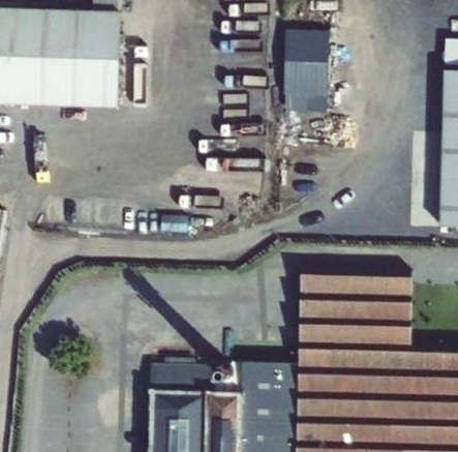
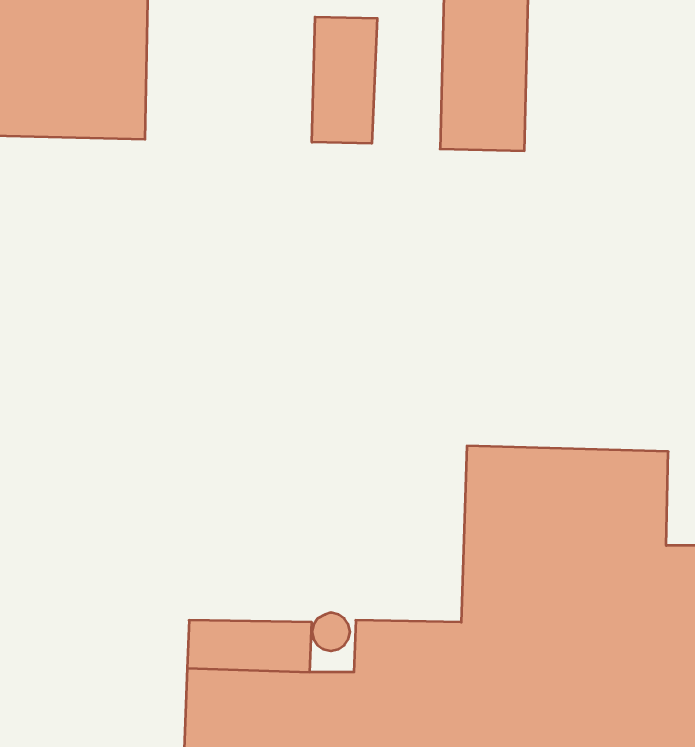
building: none -> [312,17,377,143]

